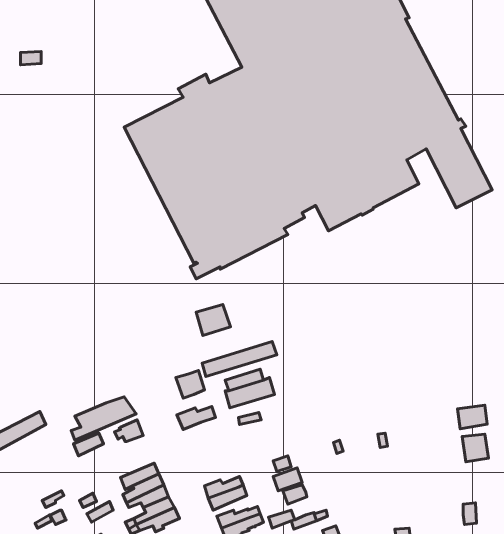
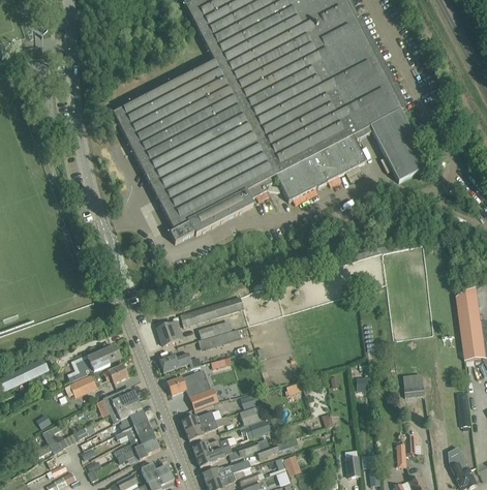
building: [196,304,231,335] -> none
building: [457,405,487,429] -> none
building: none -> [166,371,216,410]
building: none -> [102,389,139,412]

